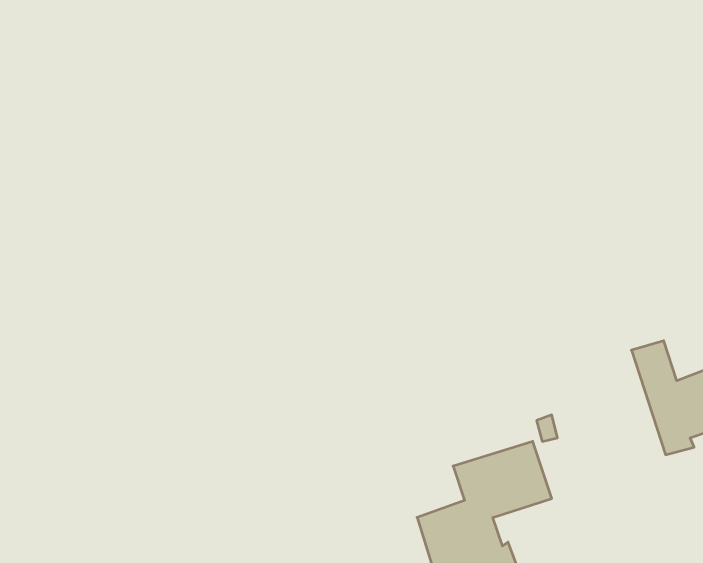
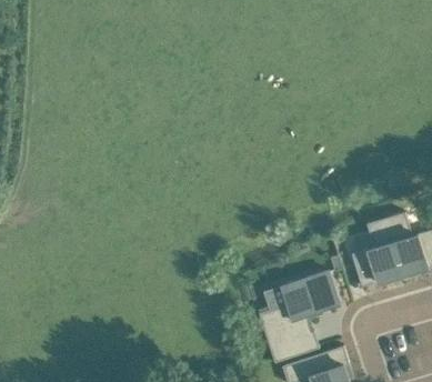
building: none -> [350,219,404,288]

